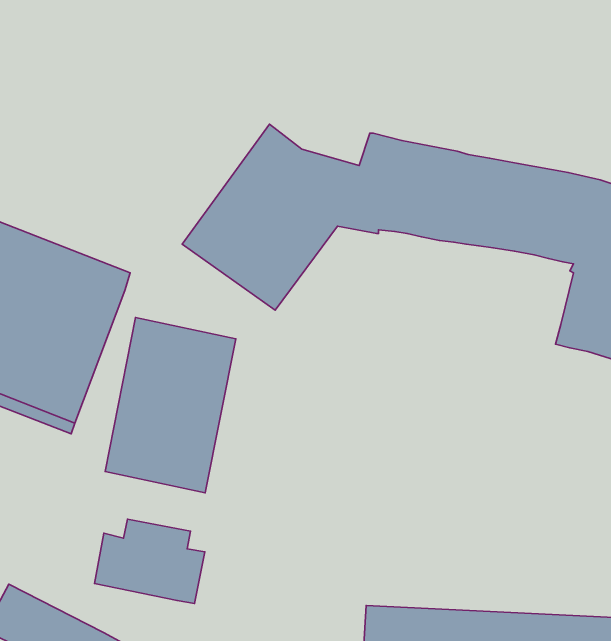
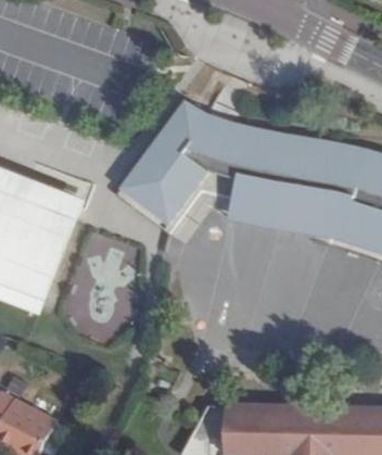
building: none -> [165,96,226,138]
building: none -> [220,177,349,247]
building: [94,519,205,604] -> none

